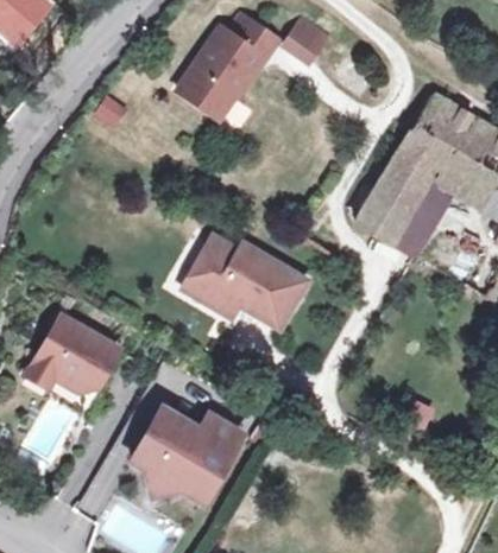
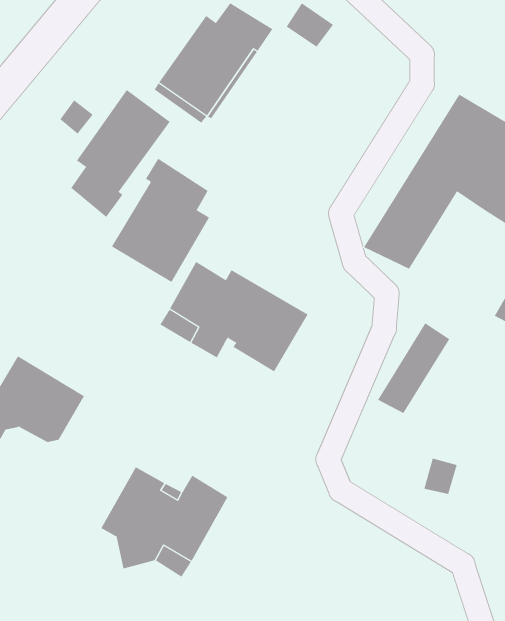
building: none -> [70,89,170,218]
building: none -> [111,158,210,283]
building: [393,177,455,254] -> [377,322,450,414]

